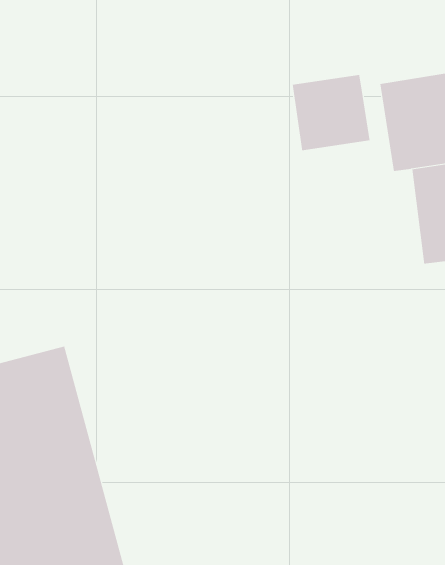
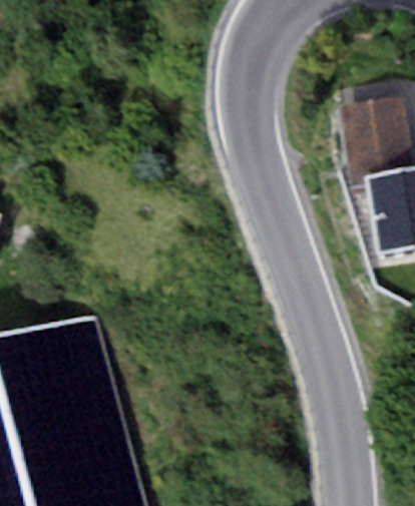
building: [292,74,370,151] -> none

